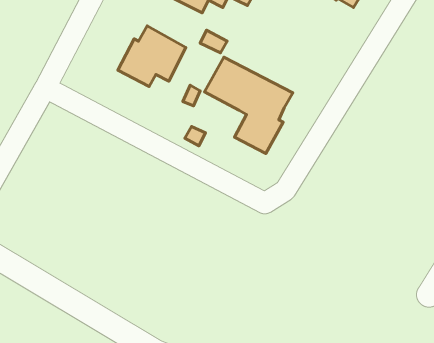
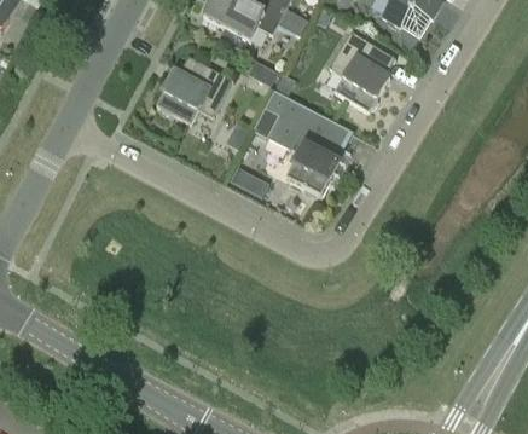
building: none -> [329,33,395,114]

